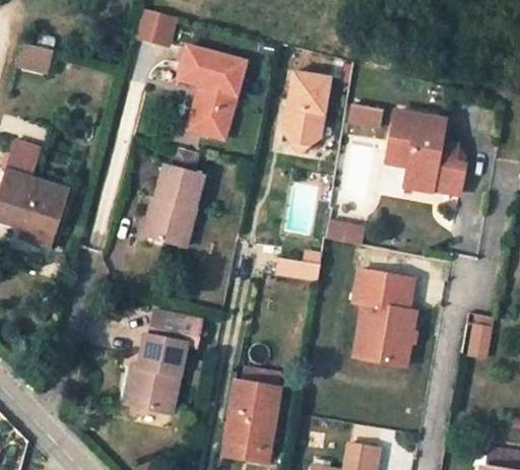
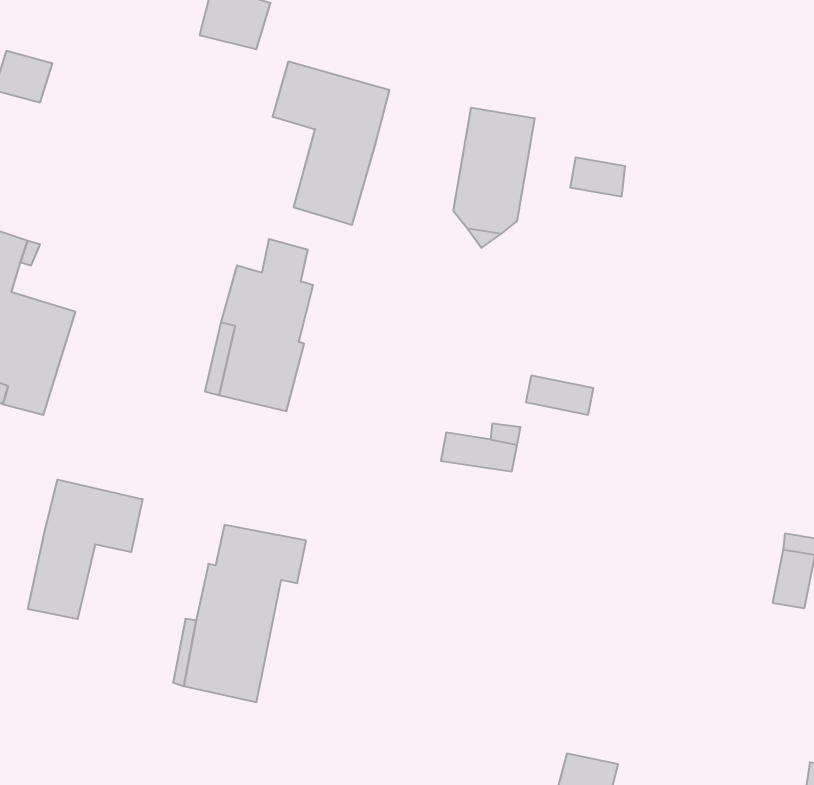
building: [387,115,462,192] -> none
building: [353,273,415,370] -> none
building: none -> [28,480,143,619]
building: [224,382,277,449] -> none

